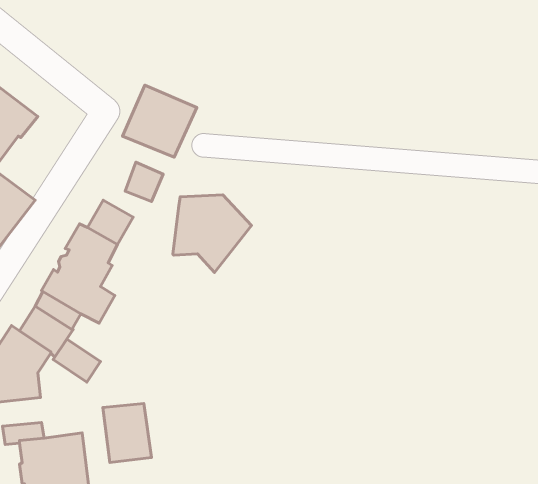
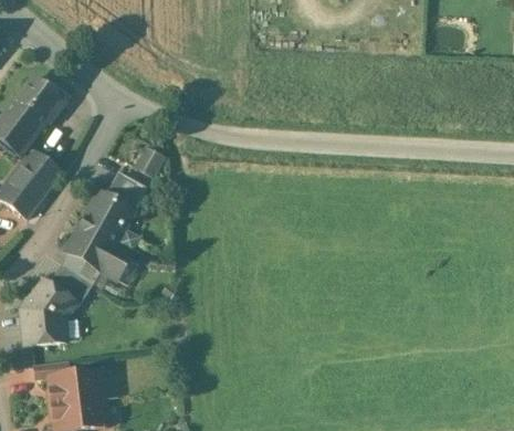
building: [122,85,197,157] -> none
building: [173,195,252,272] -> none
building: [53,339,100,382] -> none
building: [103,404,151,462] -> none

